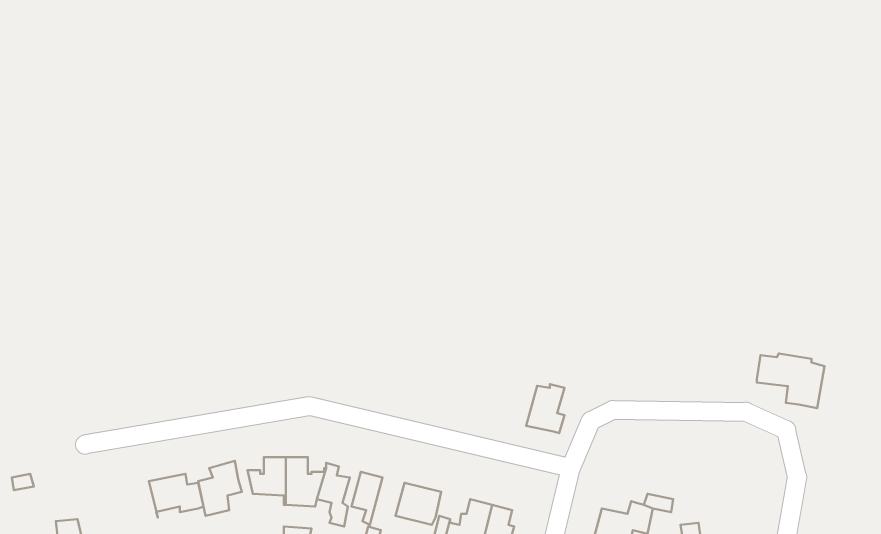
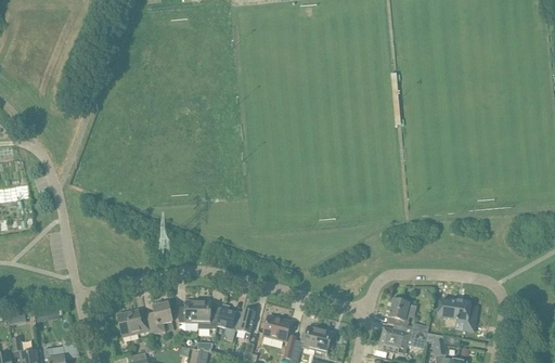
building: [757,353,824,408] -> [438,298,478,330]
building: [526,384,565,433] -> [387,297,410,326]

